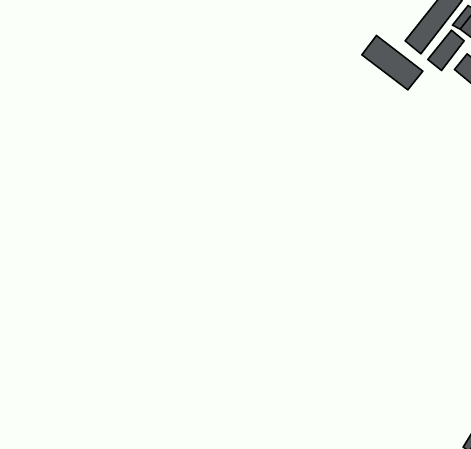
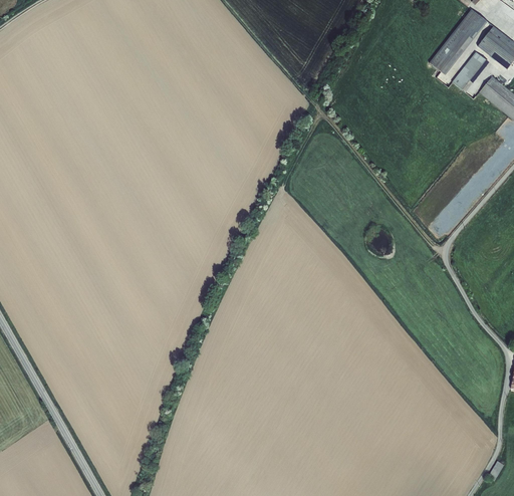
building: [362,35,423,90] -> none

